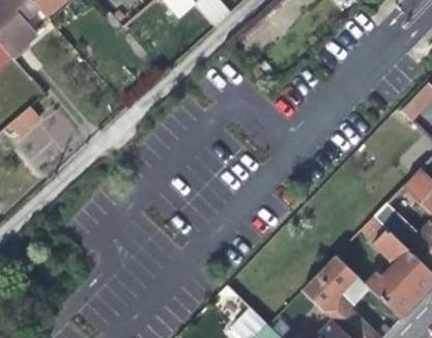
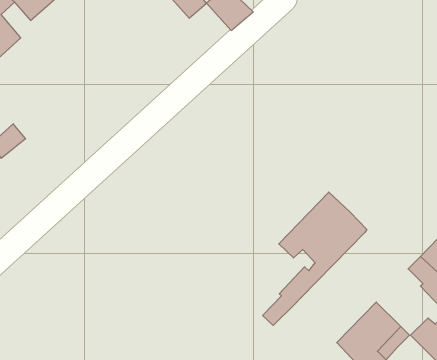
building: none -> [263,192,367,325]

